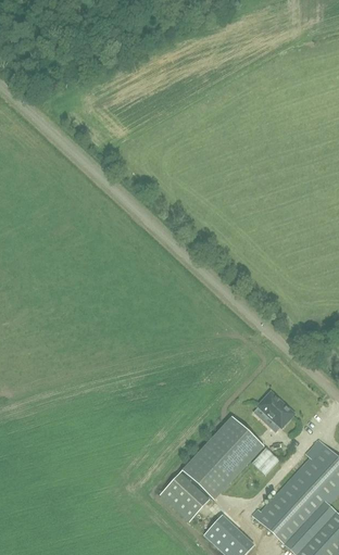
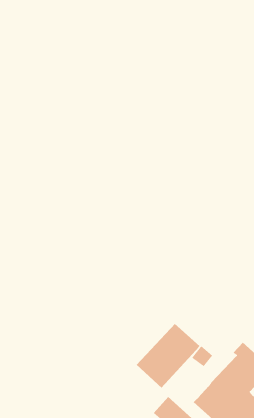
building: [256,394,293,429] -> none
building: [160,472,210,521] -> none

